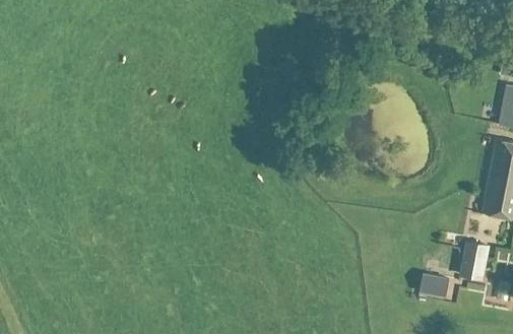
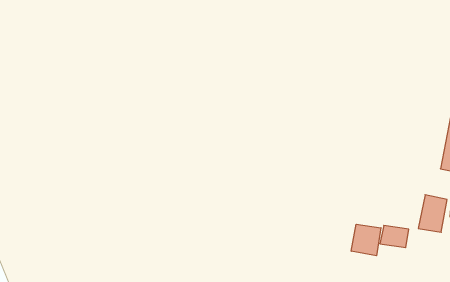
building: none -> [351,224,381,256]

